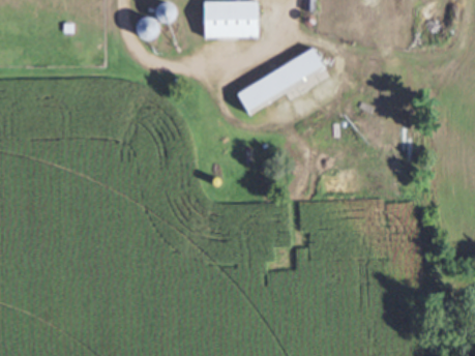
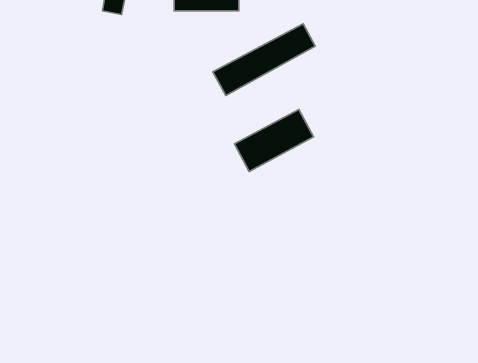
building: none -> [235,110,314,171]

